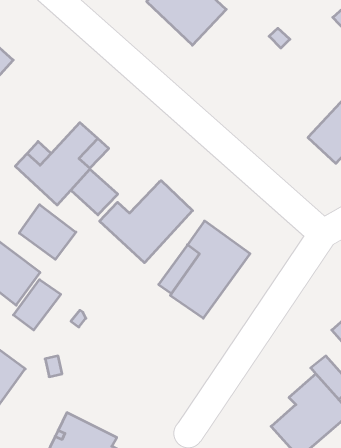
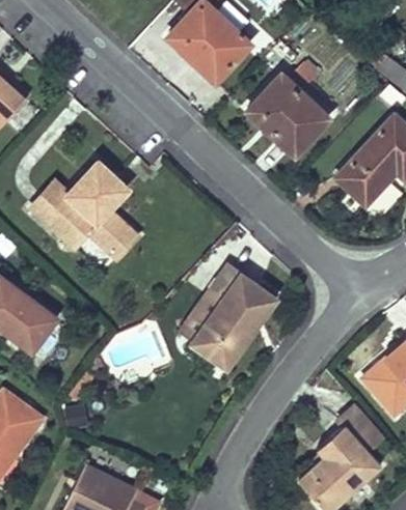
building: none -> [247,73,330,154]
building: [100,181,193,263] -> none
building: [19,205,76,259] -> none
building: [13,280,61,330] -> none

